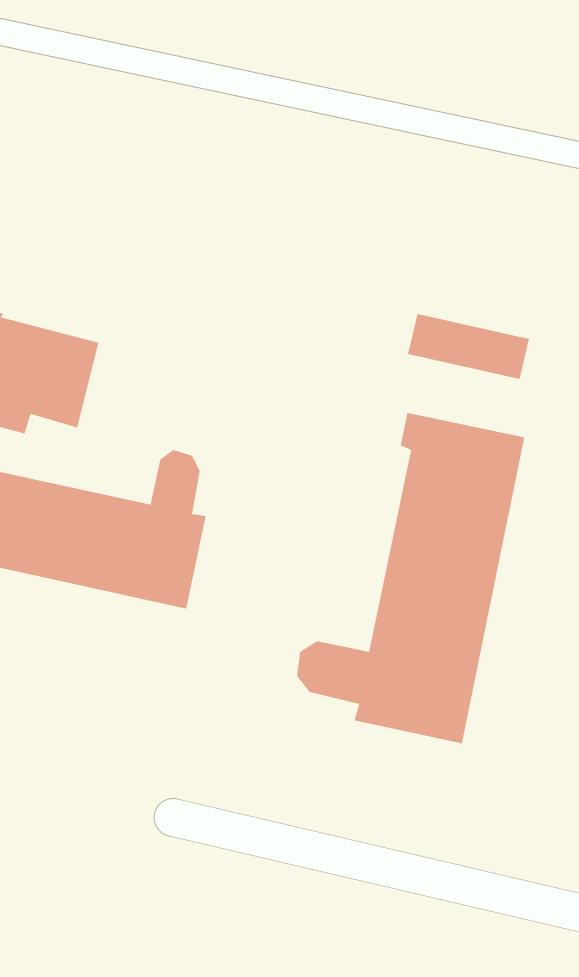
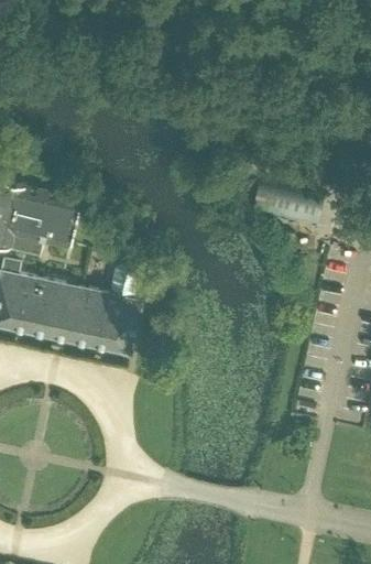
building: [297,412,525,744] -> none

